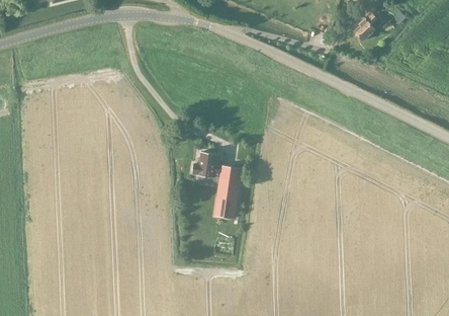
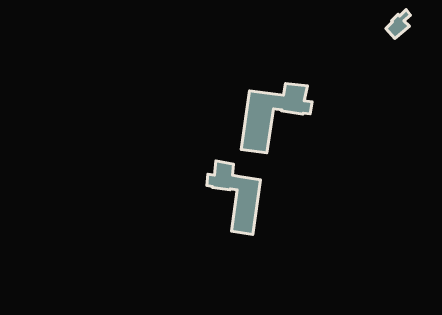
building: none -> [241,83,312,153]

